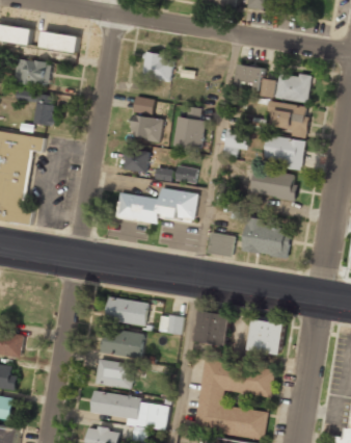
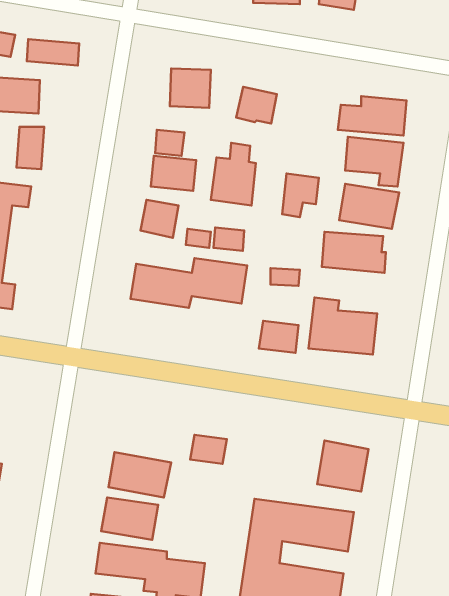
building: [236,63,265,89] -> [236,87,277,123]
building: [106,297,149,325] -> none
building: [195,311,230,345] -> none

